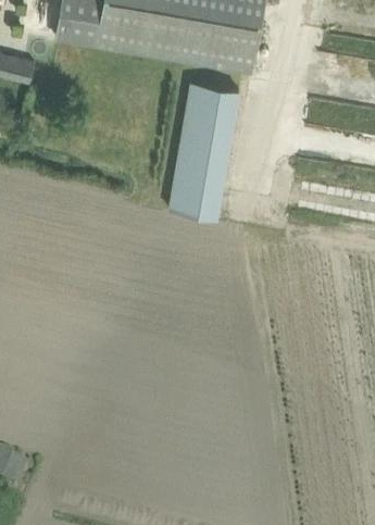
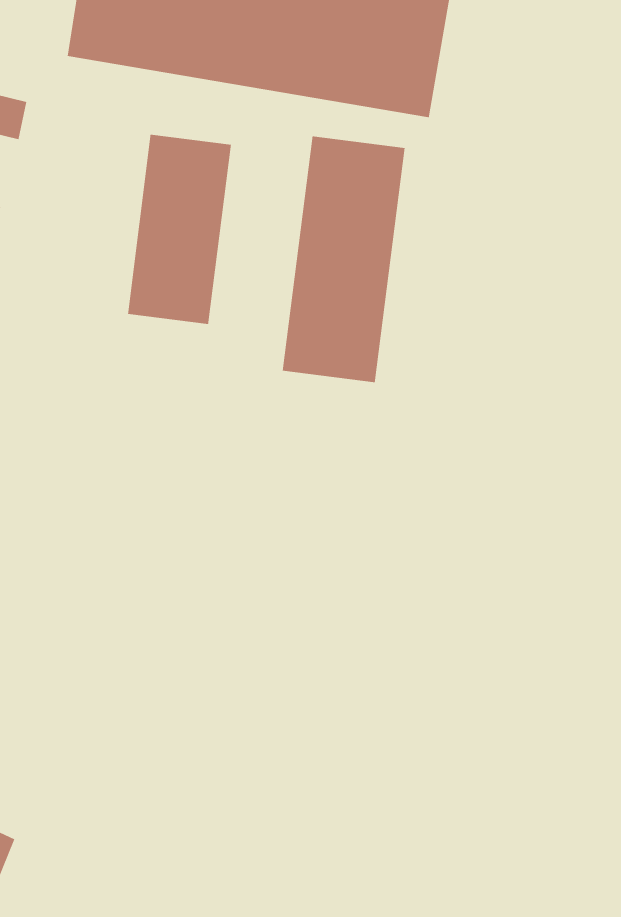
building: none -> [127,134,231,325]

